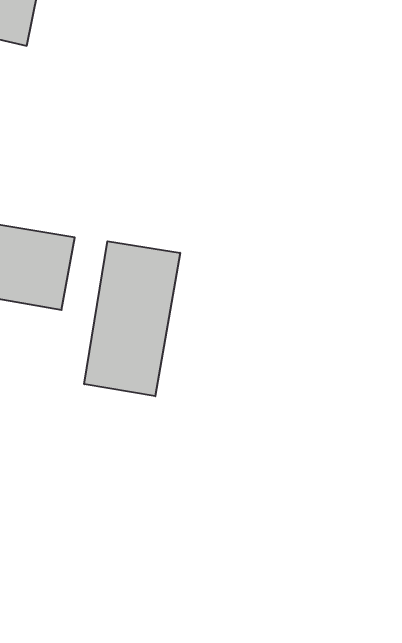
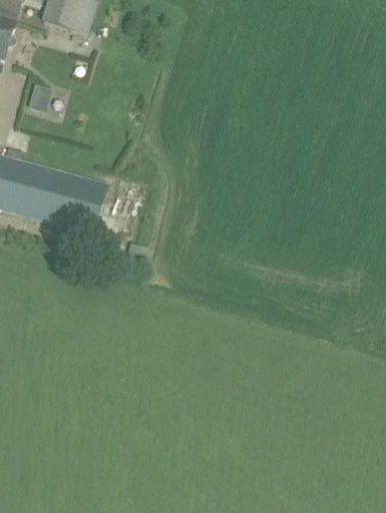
building: [84,241,180,396] -> none

